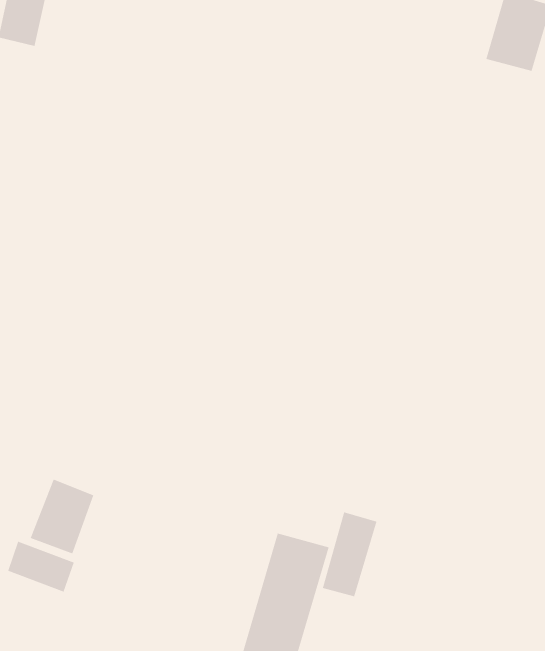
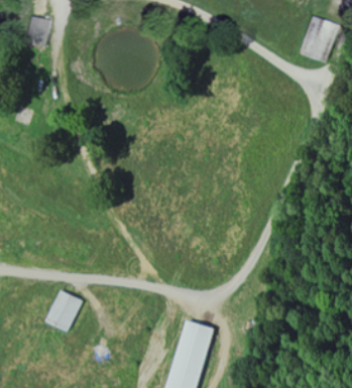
building: [322,511,377,597] -> none
building: [7,541,75,592] -> none

